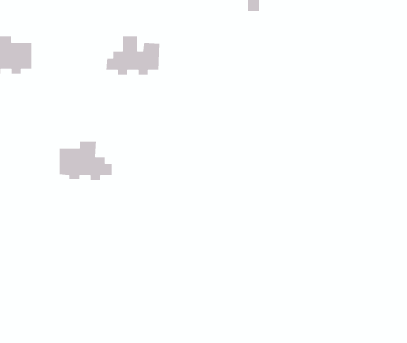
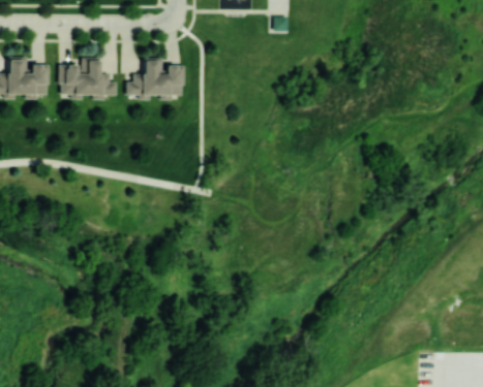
building: [59,141,112,181] -> [60,58,117,100]

